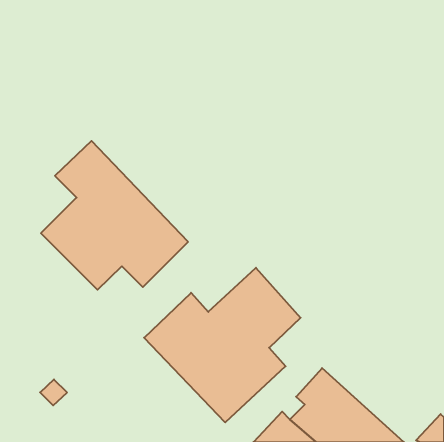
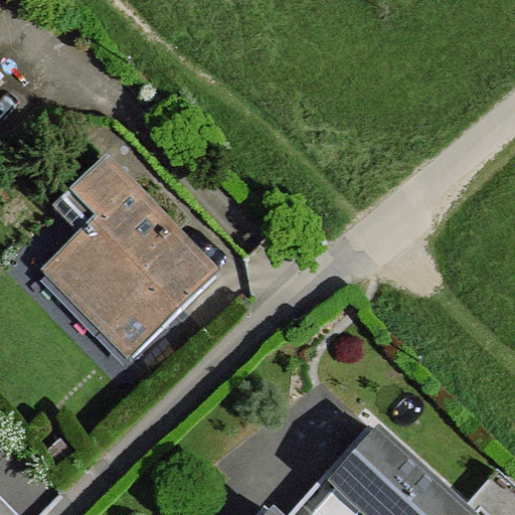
building: [144,268,301,422] -> none

